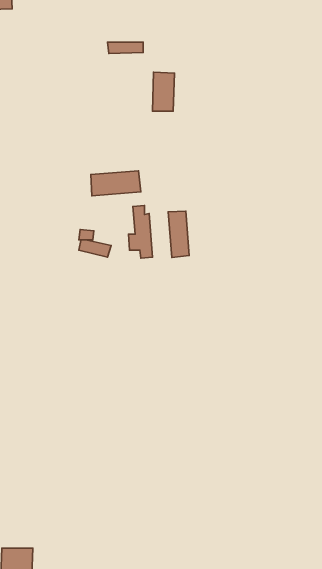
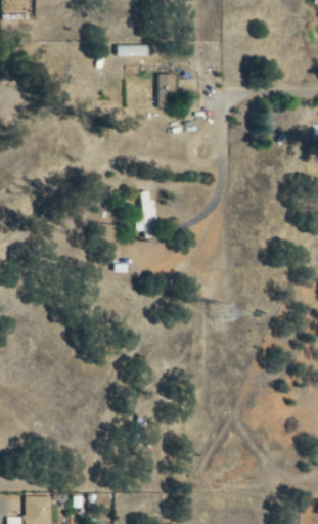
building: [91,171,141,196] -> none
building: [168,211,189,258] -> none

